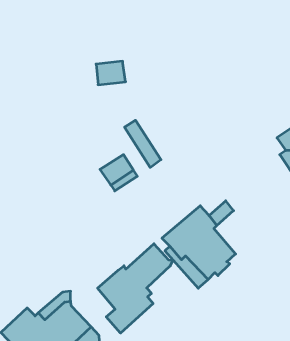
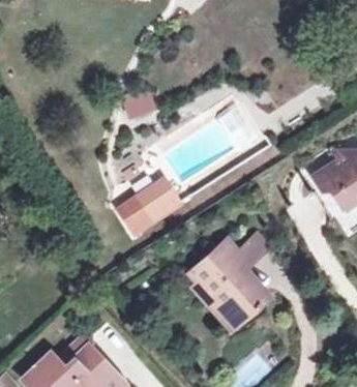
building: [98,244,173,333] -> none

